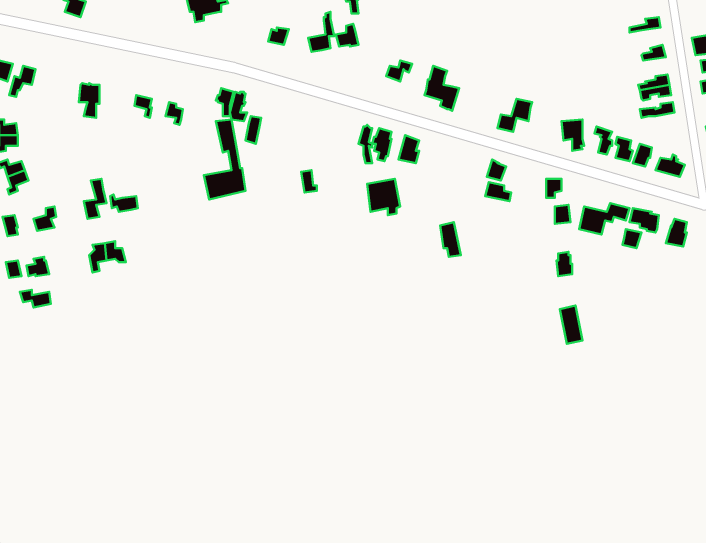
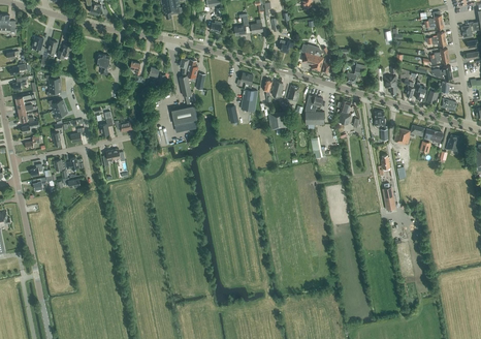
building: none -> [241,72,257,111]
building: none -> [306,94,324,125]

